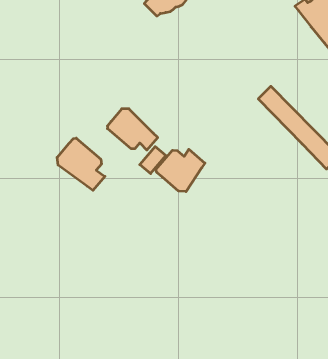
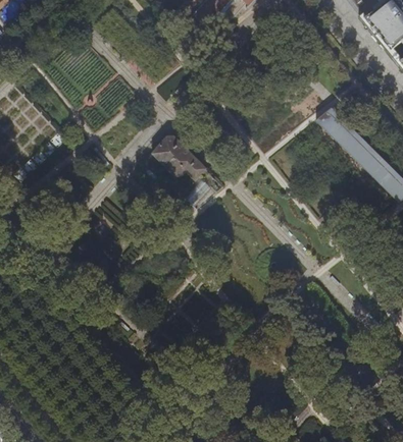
building: [57,138,105,190] -> none
building: [156,149,205,192] -> none

